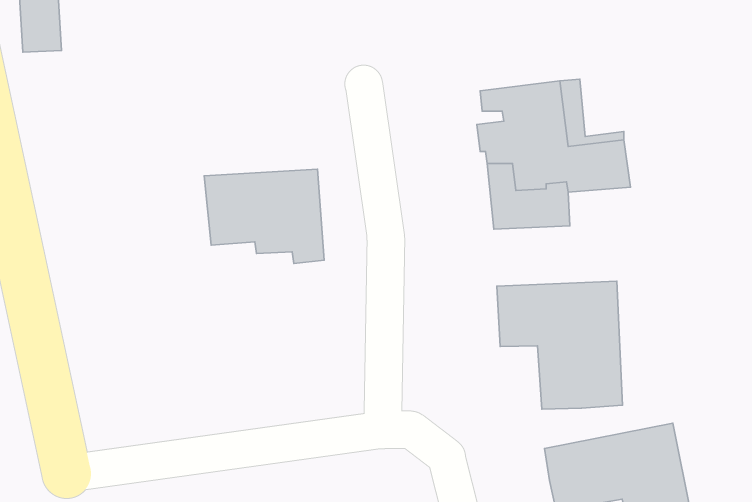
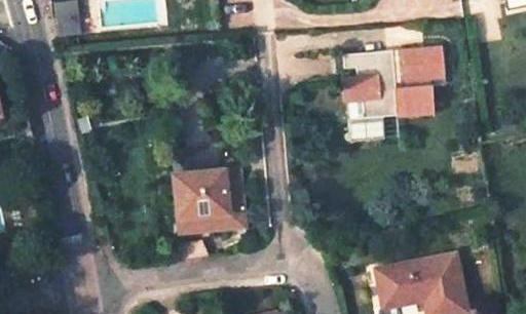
building: none -> [400,47,441,84]
building: [204,169,324,264] -> [170,168,242,226]
building: [497,281,622,409] -> none

